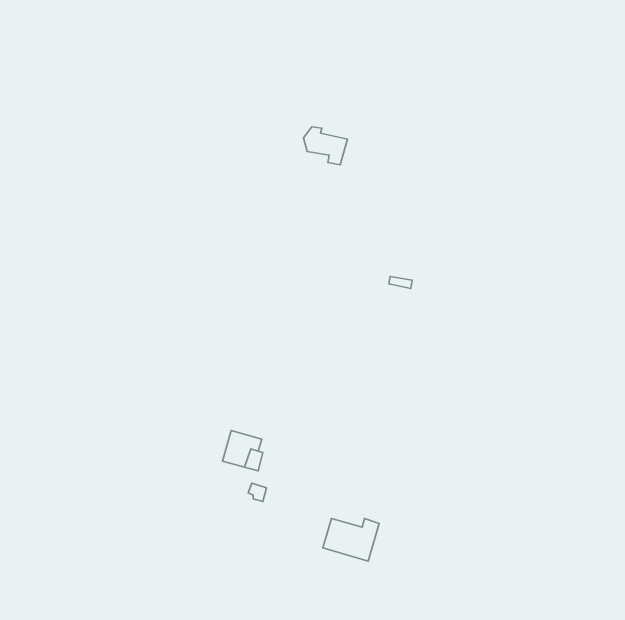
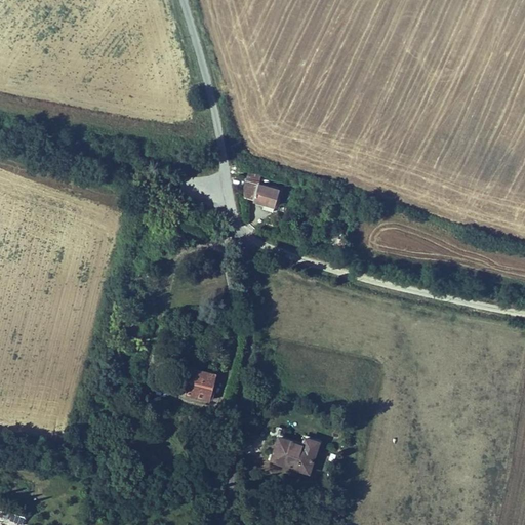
building: [303,127,347,165] -> [244,180,281,212]

